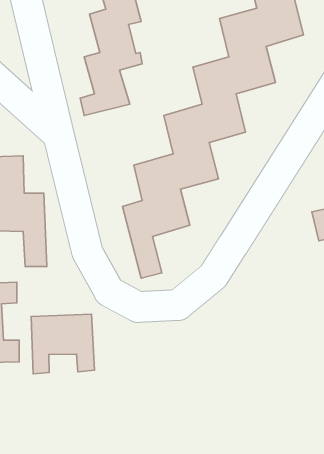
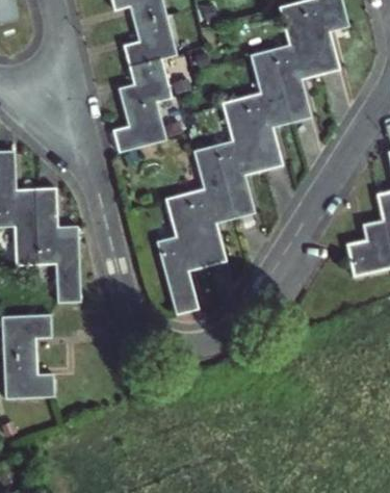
building: [31,314,94,374] -> none

